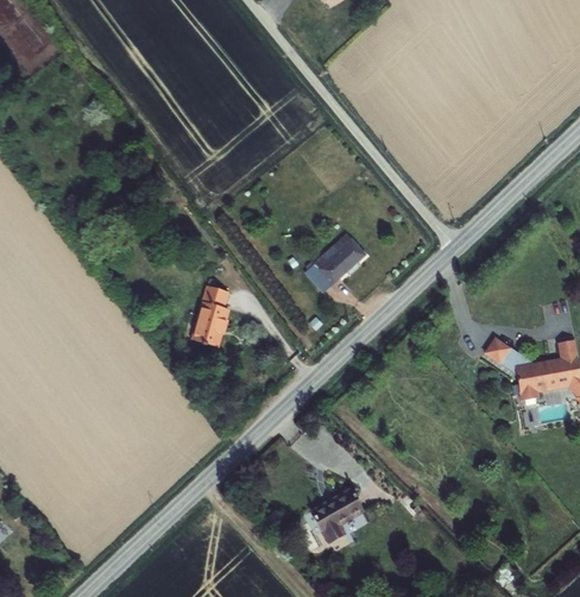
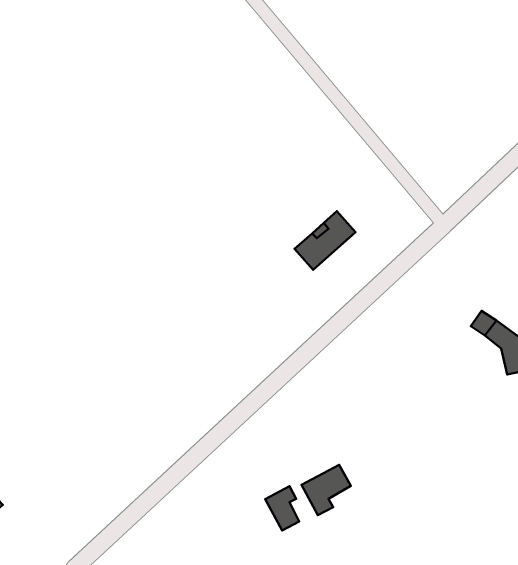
building: [191,287,228,348] -> none
building: none -> [265,486,299,530]

